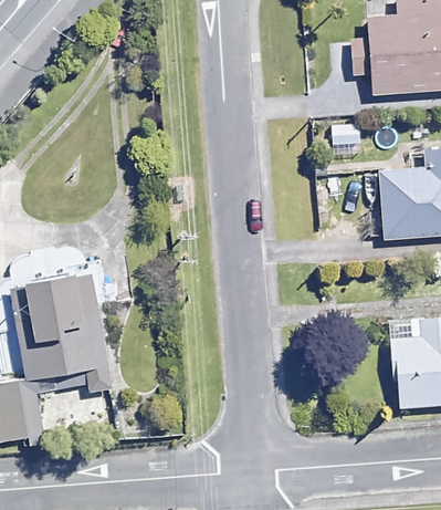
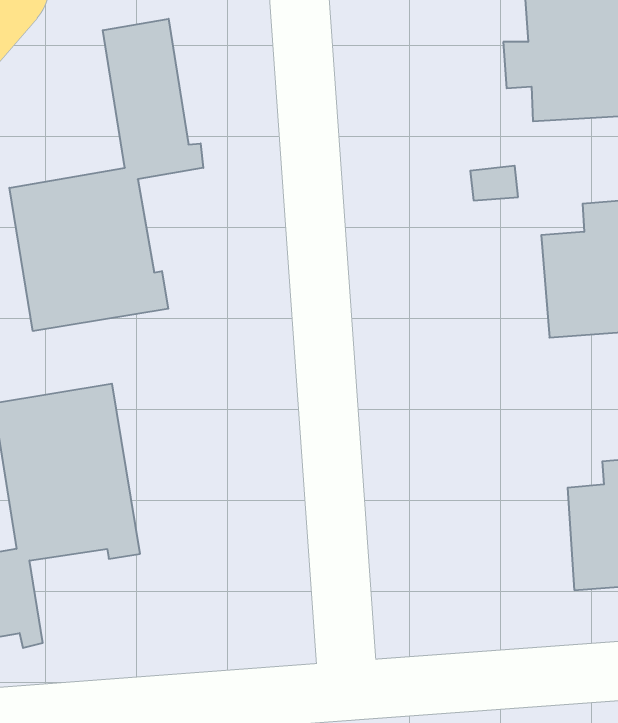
building: none -> [9,19,203,331]

